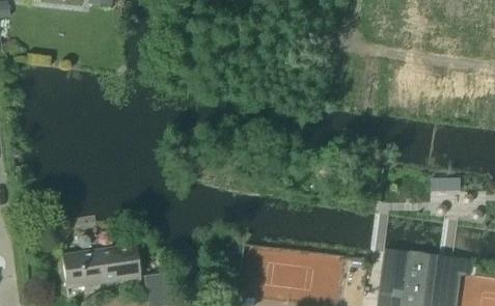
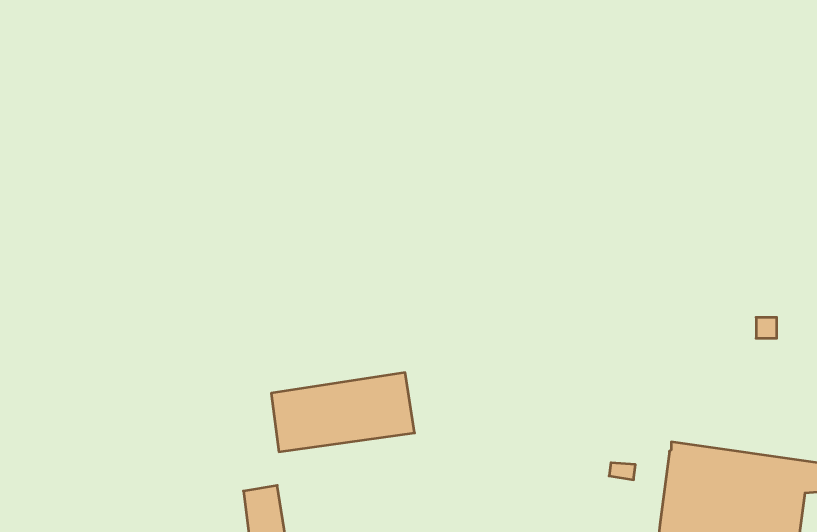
building: [61,245,140,288] -> [271,373,415,452]

